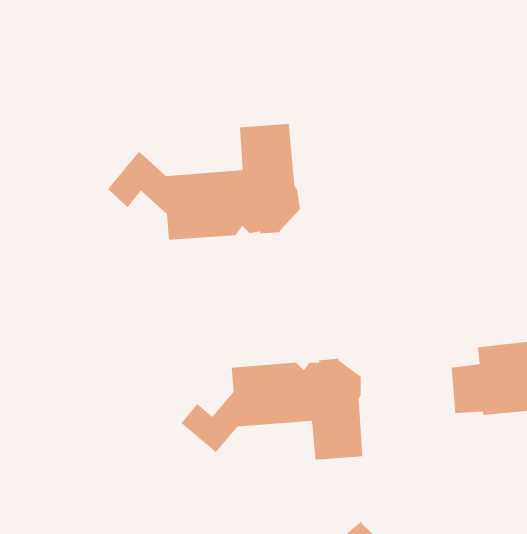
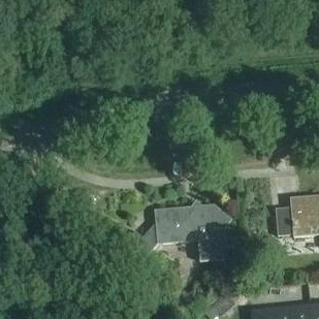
building: [107,123,301,241] -> none

